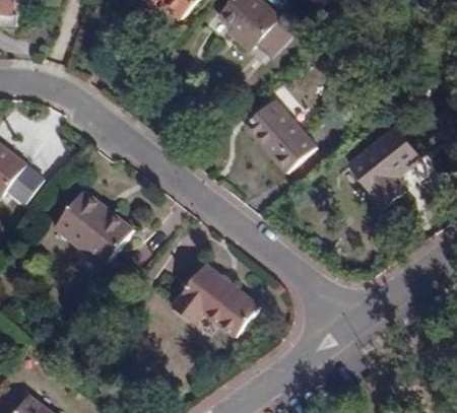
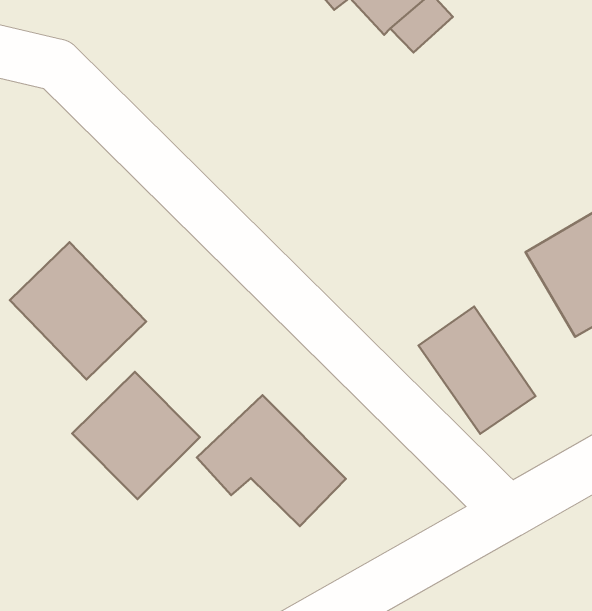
building: [245,98,316,171] -> [418,306,536,434]
building: none -> [72,372,200,499]

